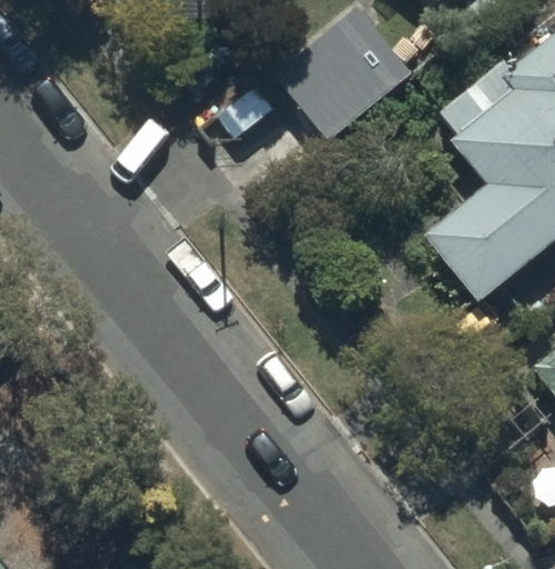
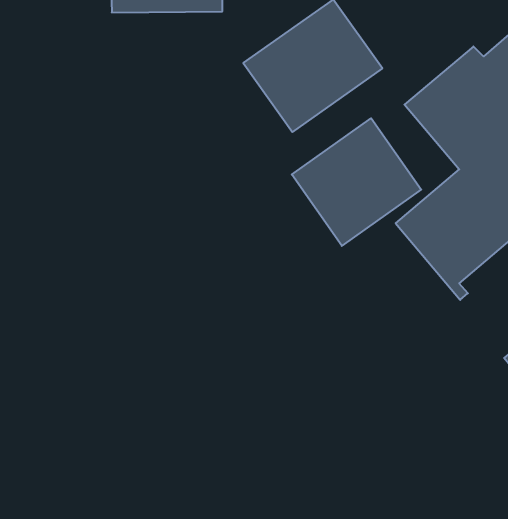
building: none -> [292,118,421,246]

